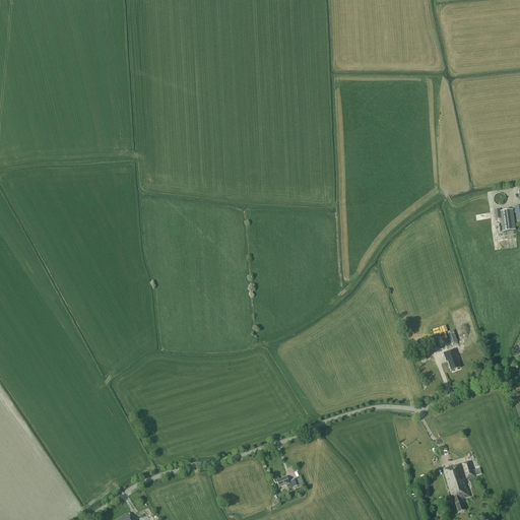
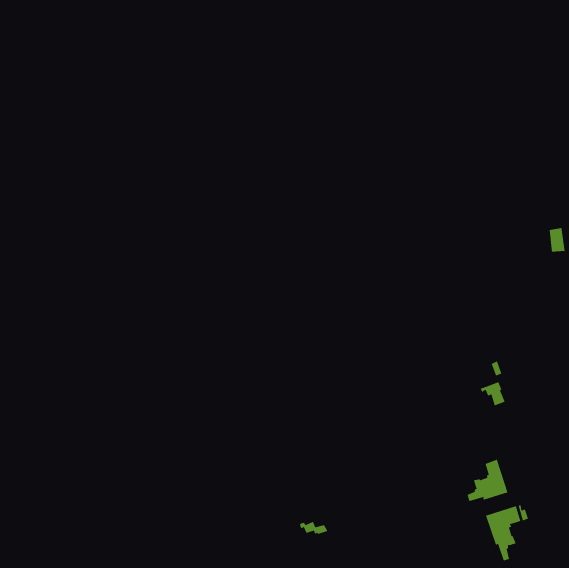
building: none -> [467,459,508,502]

